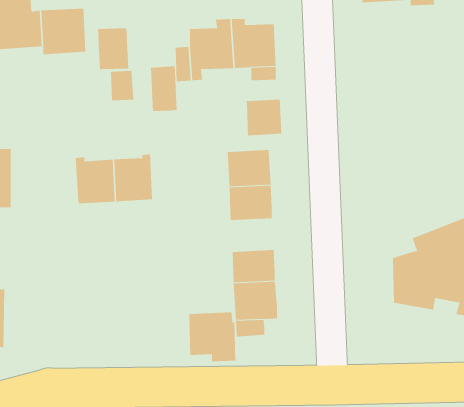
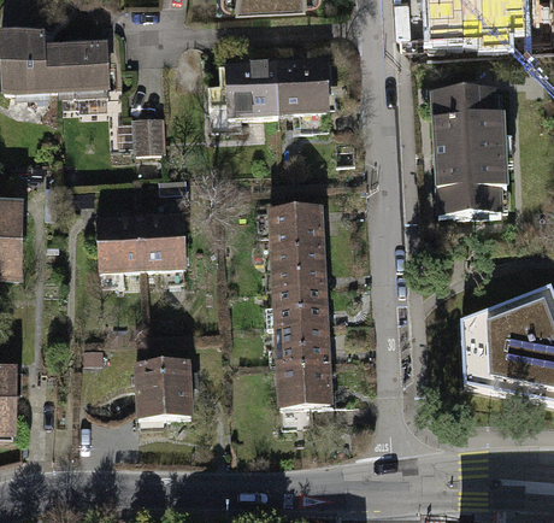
building: [97,27,129,70] -> none
building: none -> [429,89,501,213]
building: [150,65,177,112] -> none
building: [246,99,282,136] -> none
building: none -> [275,286,326,324]
building: [188,312,236,362] -> [137,358,193,416]

